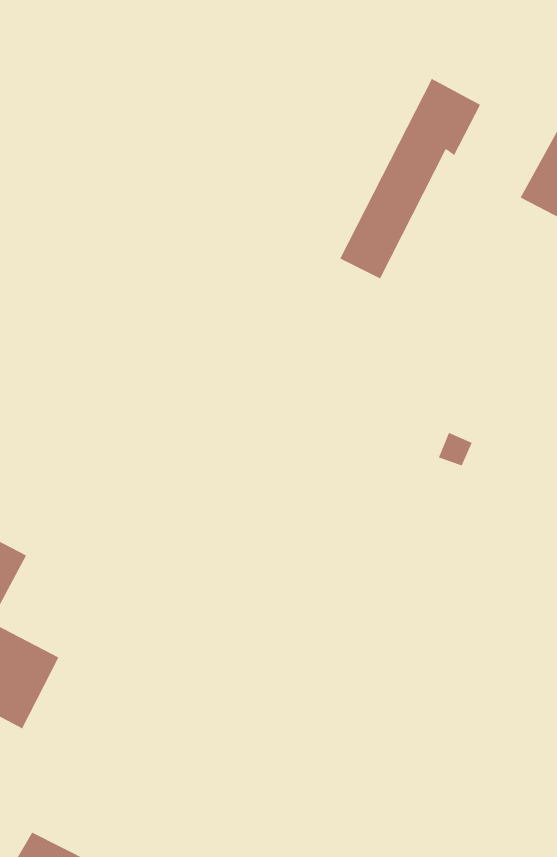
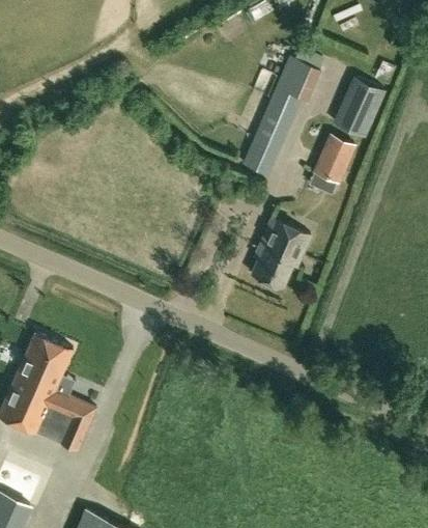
building: none -> [311,135,354,186]
building: none -> [251,219,309,289]

